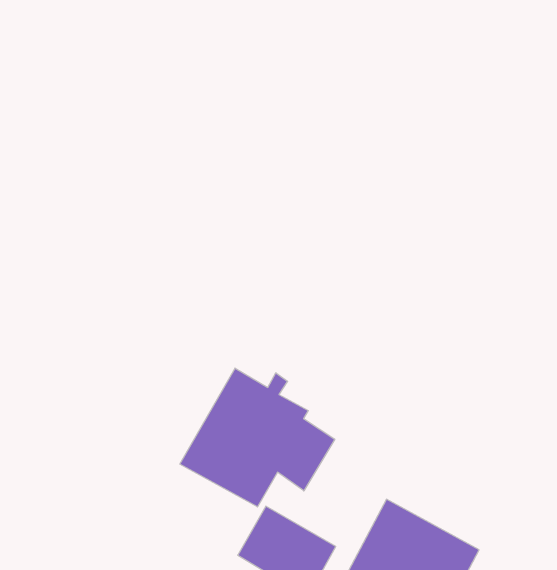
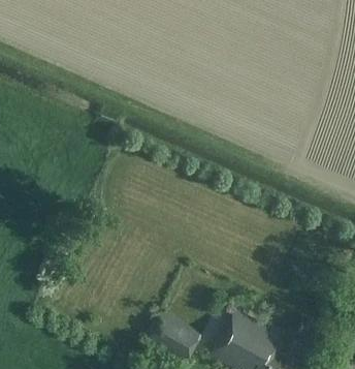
building: [180,368,335,507] -> none

